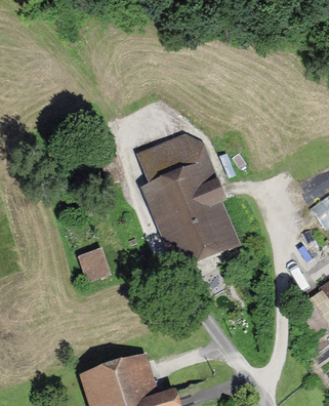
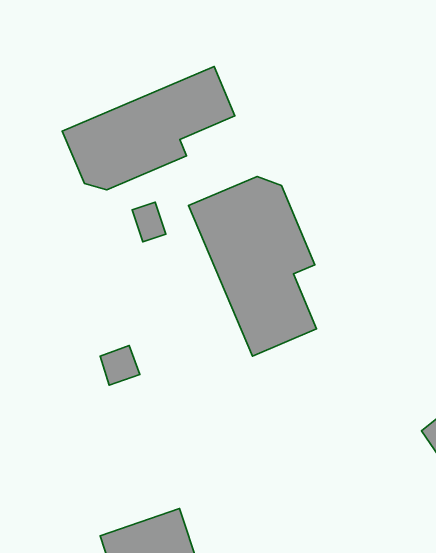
building: none -> [62,67,235,190]

